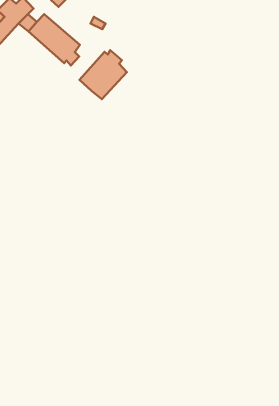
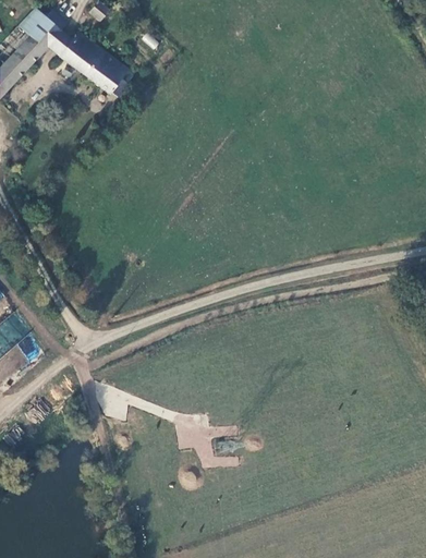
building: [80,50,127,99] -> none

